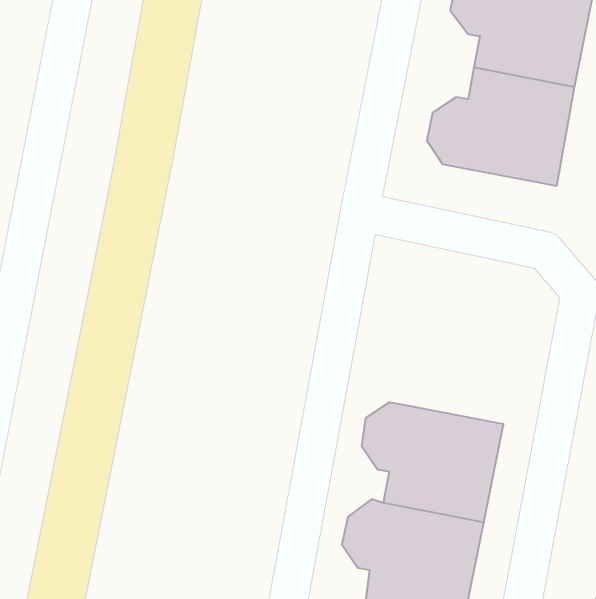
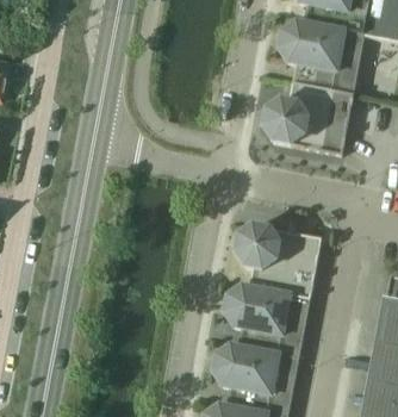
building: none -> [235,225,321,298]

